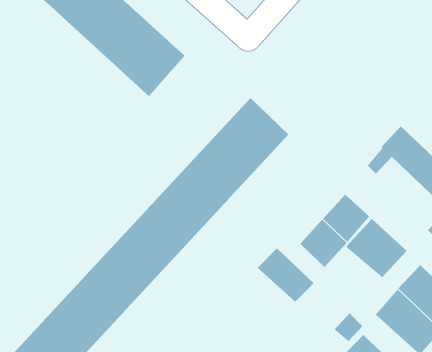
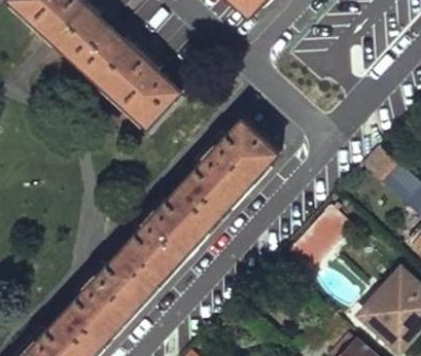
building: [345,218,408,278] -> none
building: [257,247,315,303] -> none

